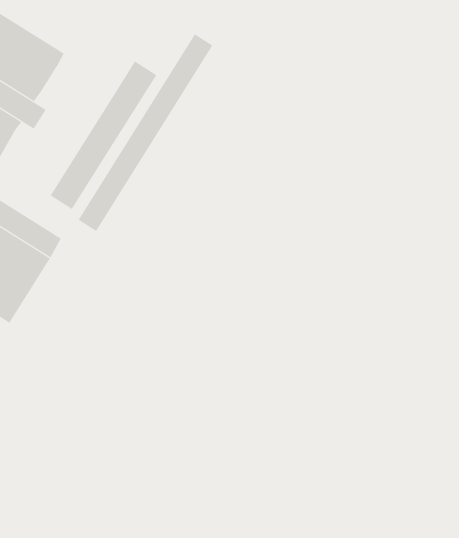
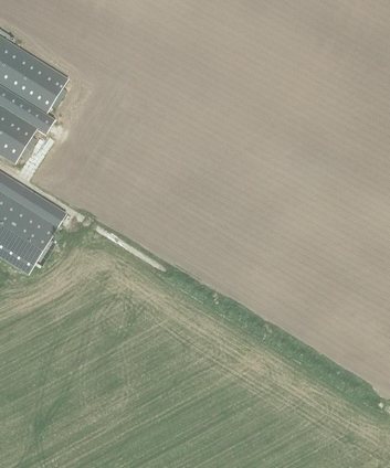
building: [78,33,213,232] -> none
building: [50,61,157,210] -> none

